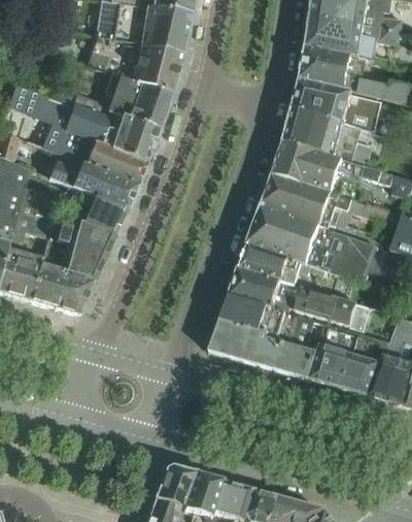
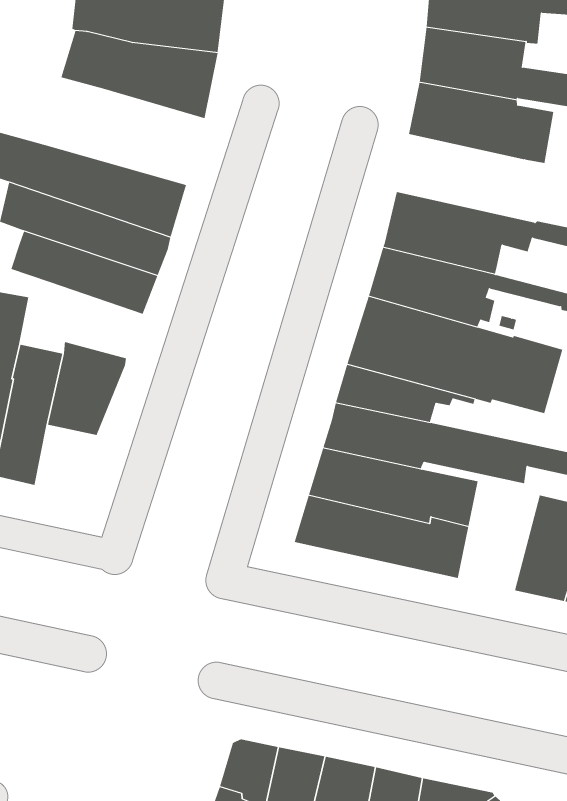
building: [71,71,170,132] -> none
building: [282,109,371,167] -> none
building: [70,186,126,234] -> none
building: [55,271,94,313] -> none
building: [306,321,357,388] -> none

